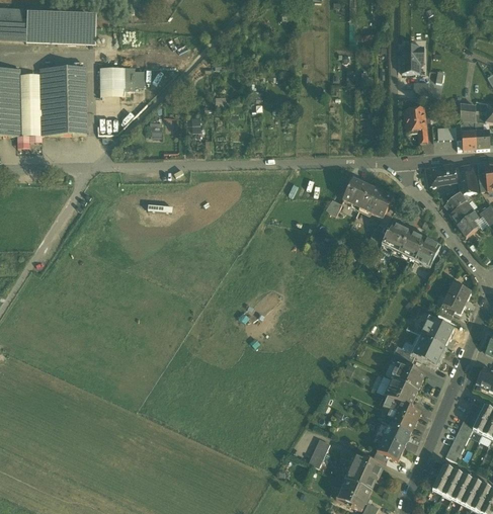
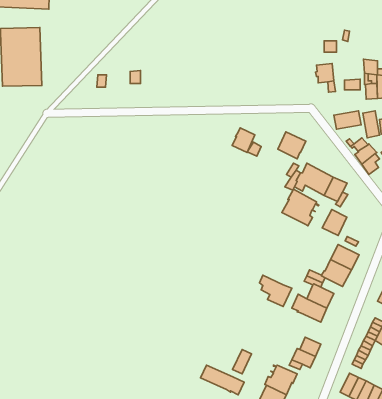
building: [402,46,423,72] -> none
building: [101,65,145,95] -> none
building: [343,178,369,206] -> [232,128,255,152]
building: none -> [282,189,319,226]
building: [442,282,471,313] -> [322,209,347,236]
building: [383,396,420,432] -> [259,275,292,307]
building: none -> [200,365,244,395]

